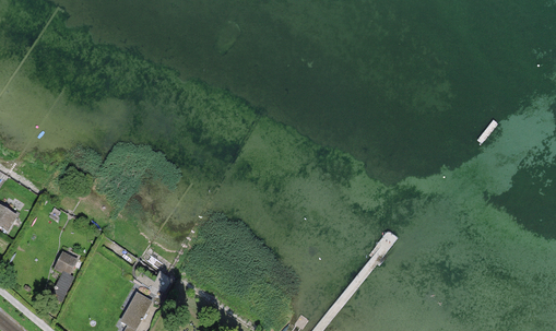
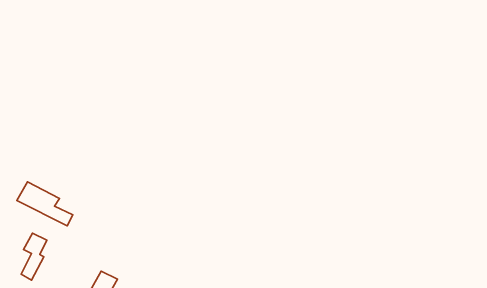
building: none -> [17,182,73,226]

